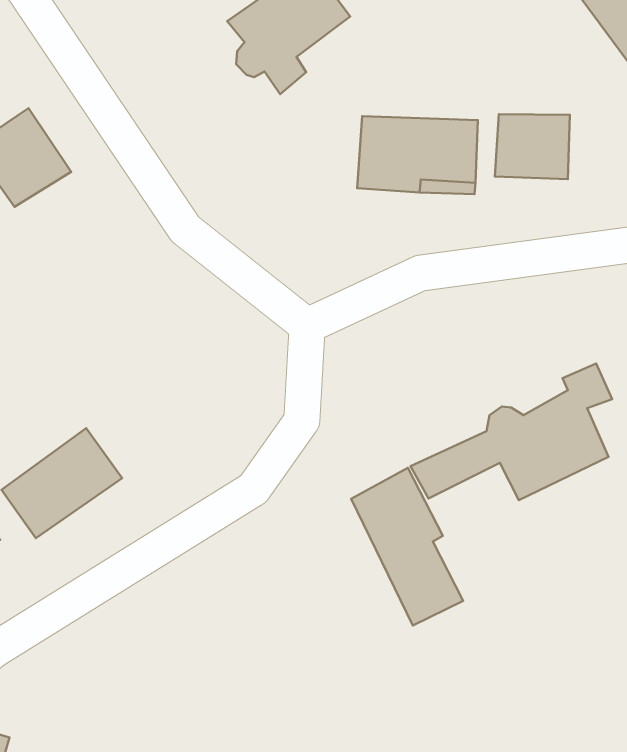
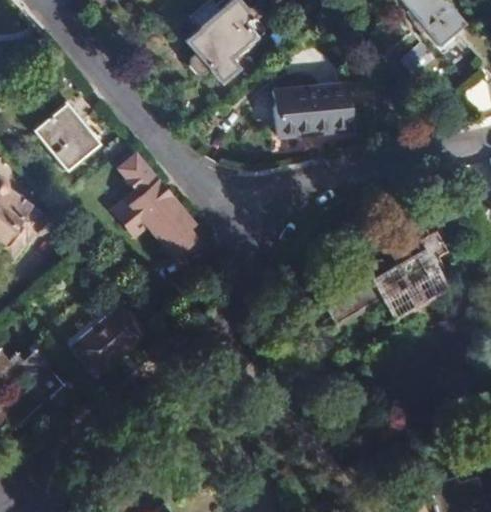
building: [495,114,570,179] -> none
building: none -> [107,157,198,265]
building: [351,468,463,626] -> none

